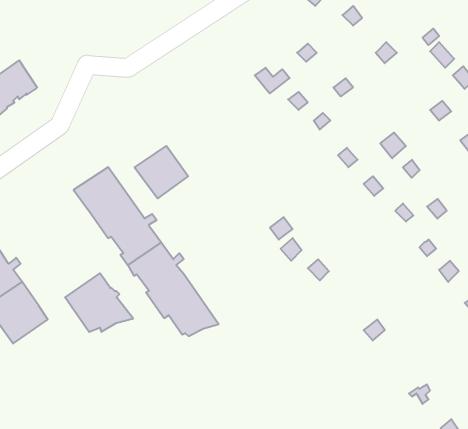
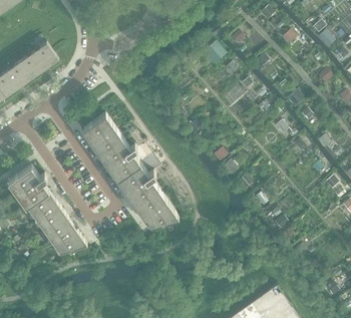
building: [135,146,188,198] -> none
building: [65,273,133,332] -> [42,216,87,255]

